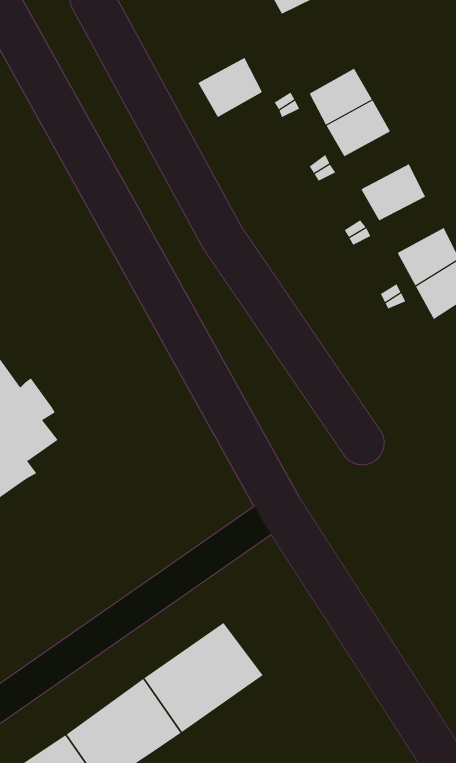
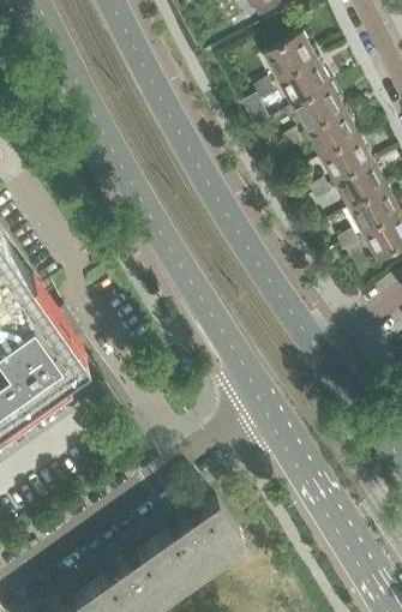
building: [198,57,263,118] -> [265,35,317,83]
building: none -> [308,113,360,158]
building: none -> [336,164,388,209]

